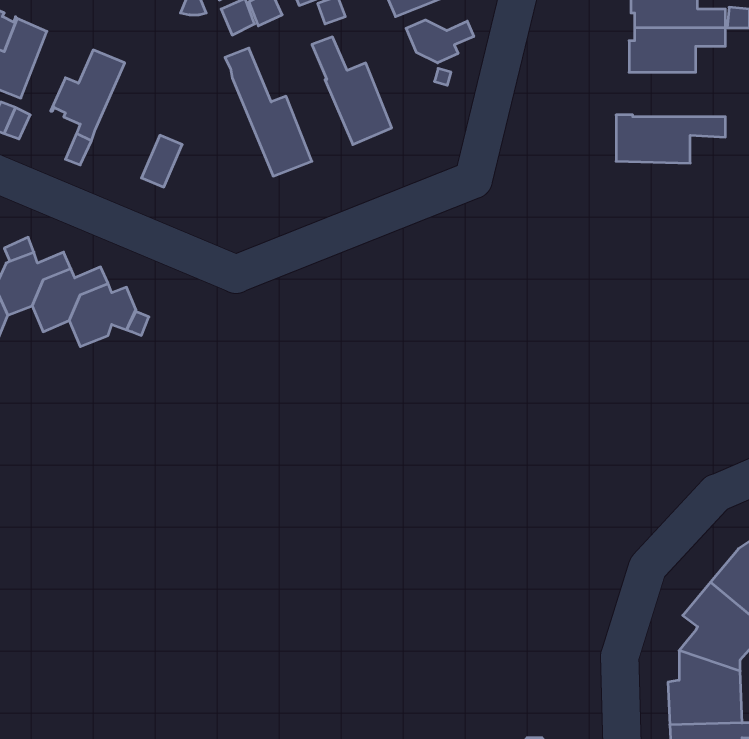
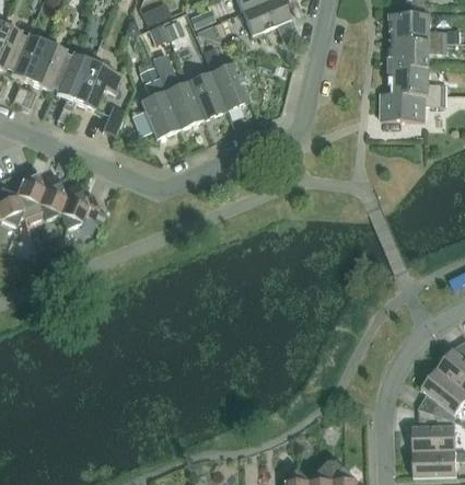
building: [406,20,474,63] -> none
building: none -> [31,43,73,90]
building: none -> [74,61,123,108]
building: none -> [132,65,179,138]
building: none -> [390,67,446,93]
building: none -> [187,71,226,119]

